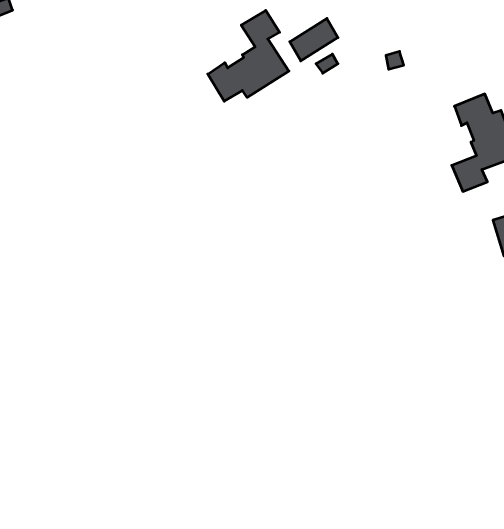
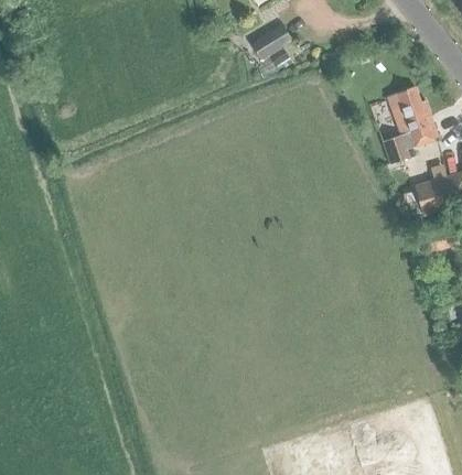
building: [208,10,289,101] -> none

